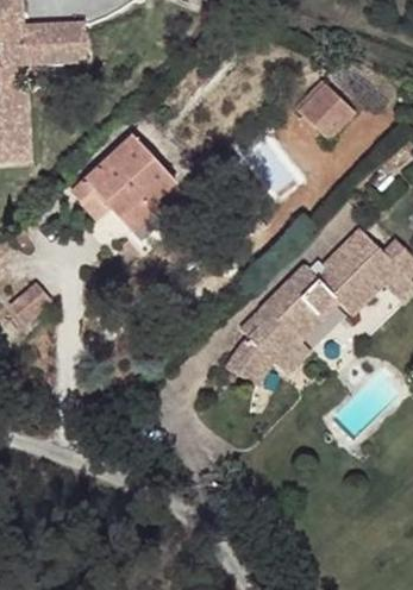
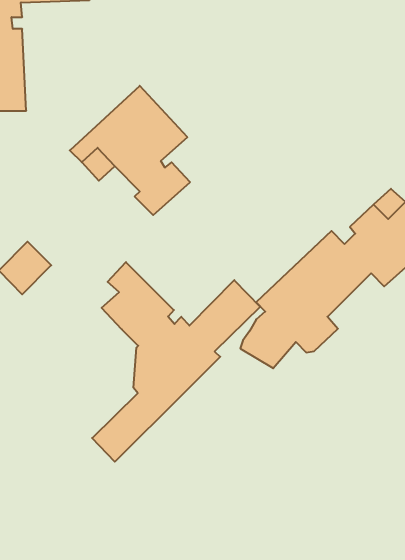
building: [299,86,351,137] -> none
building: none -> [92,262,260,462]

